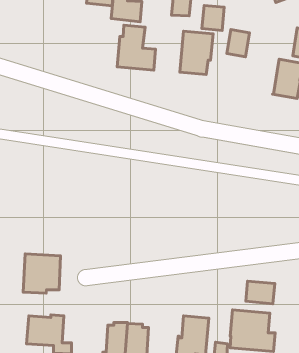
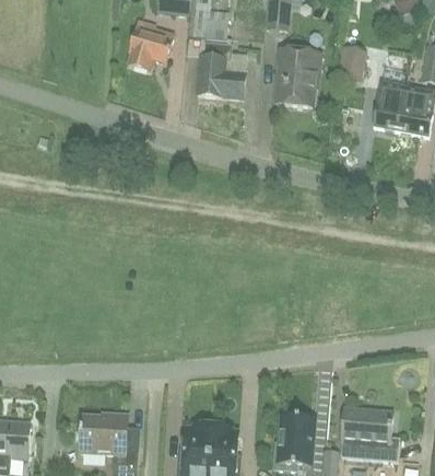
building: [202,5,224,30] -> none
building: none -> [128,21,175,69]
building: none -> [374,84,404,129]
building: [23,254,60,293] -> none
building: [246,281,275,304] -> none

